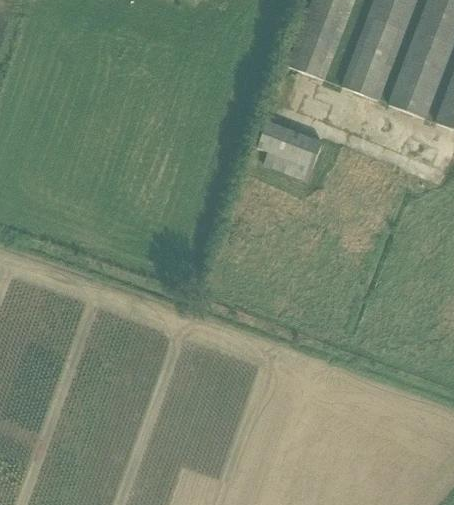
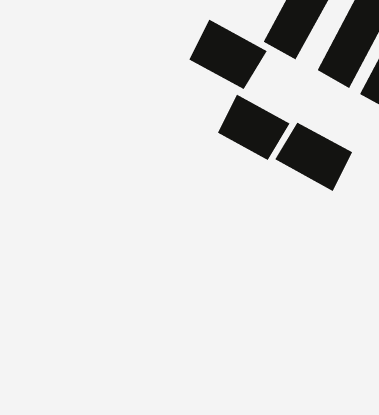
building: none -> [189,19,267,90]
building: none -> [274,122,353,192]

